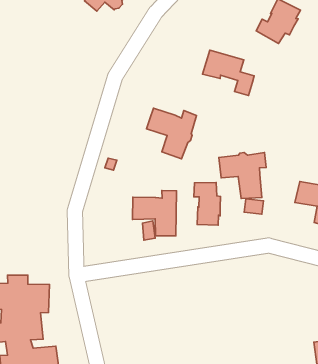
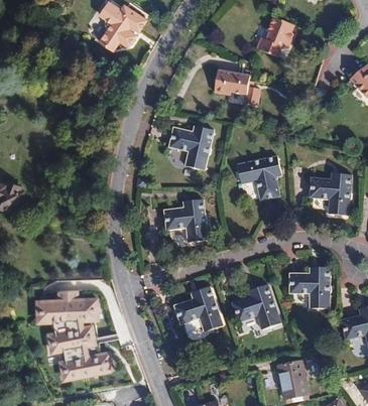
building: [194,183,221,225] -> none
building: none -> [288,267,330,308]
building: none -> [173,287,222,331]
building: none -> [231,284,279,329]

